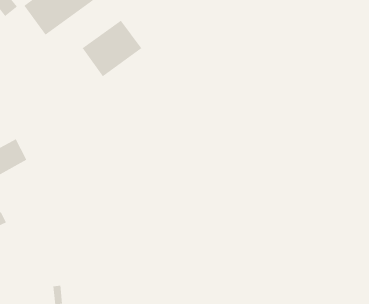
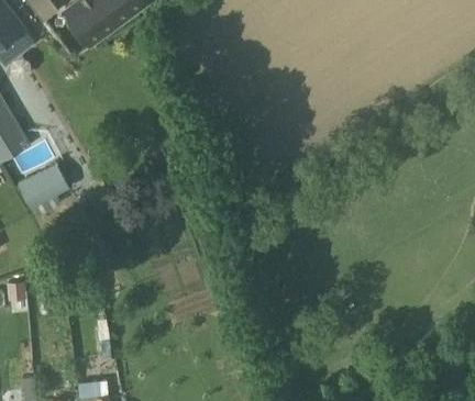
building: [82,20,142,77] -> none

